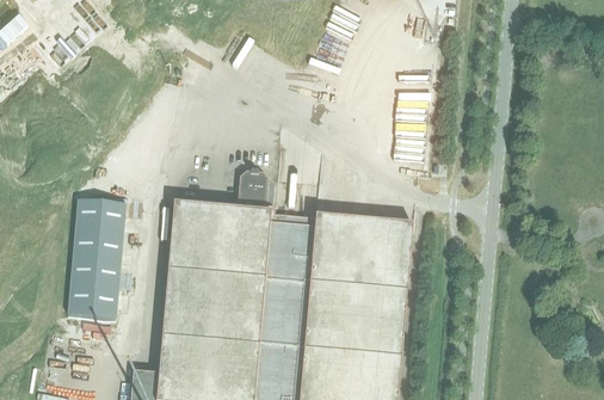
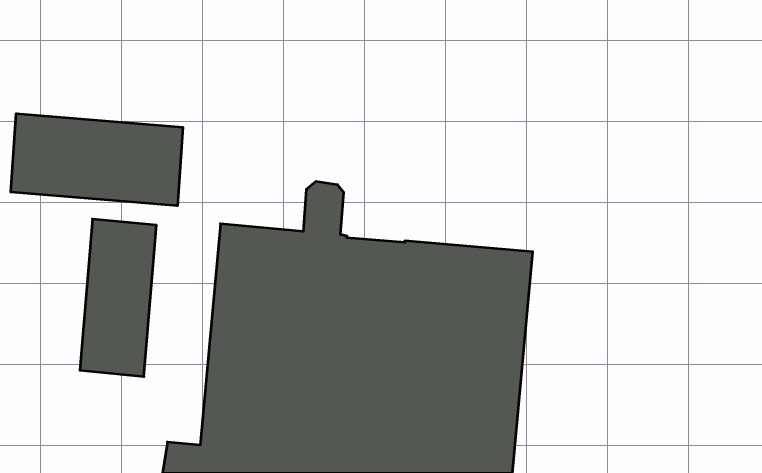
building: none -> [11,114,183,206]

